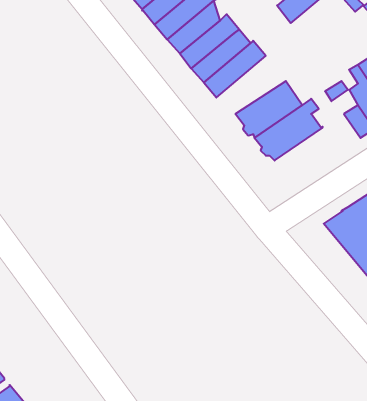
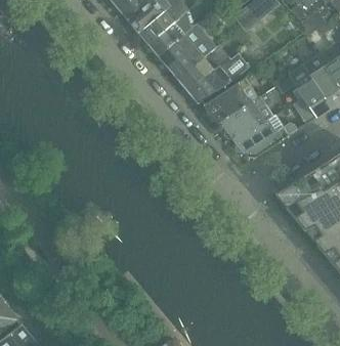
building: none -> [188,52,250,102]
building: none -> [236,115,300,158]

